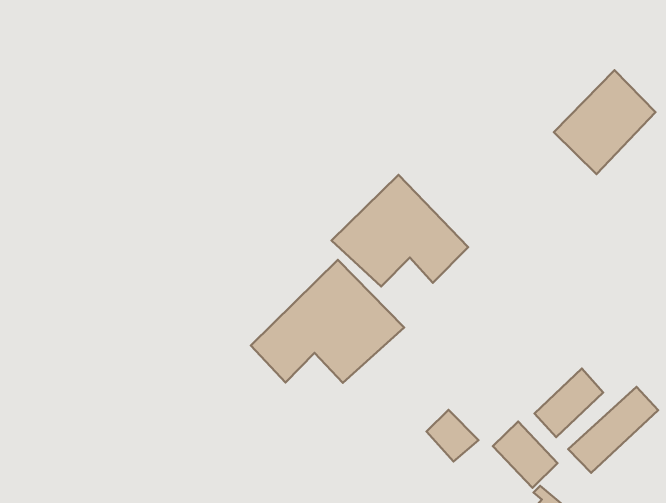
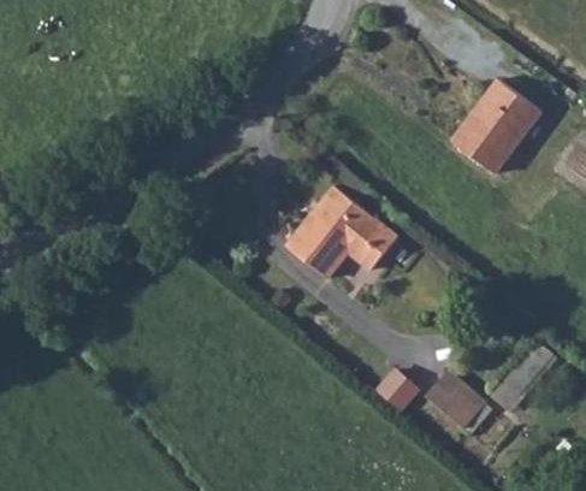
building: [251,260,404,383] -> none
building: [534,369,603,437] -> none

